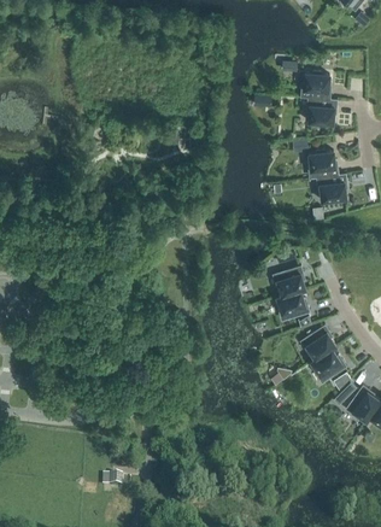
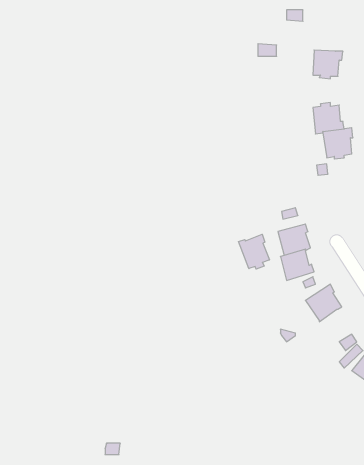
building: [301,71,329,100] -> none
building: none -> [239,234,269,269]
building: [310,349,346,382] -> none

